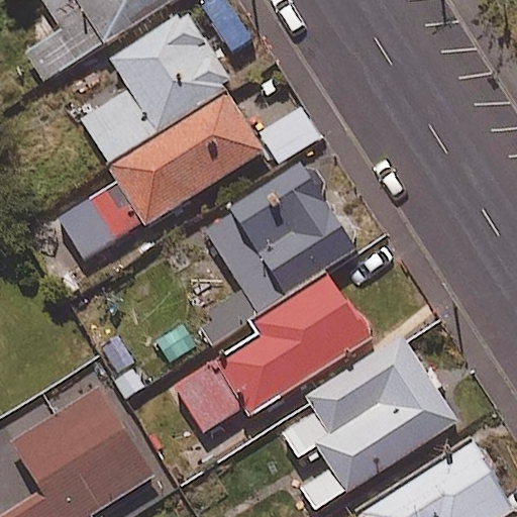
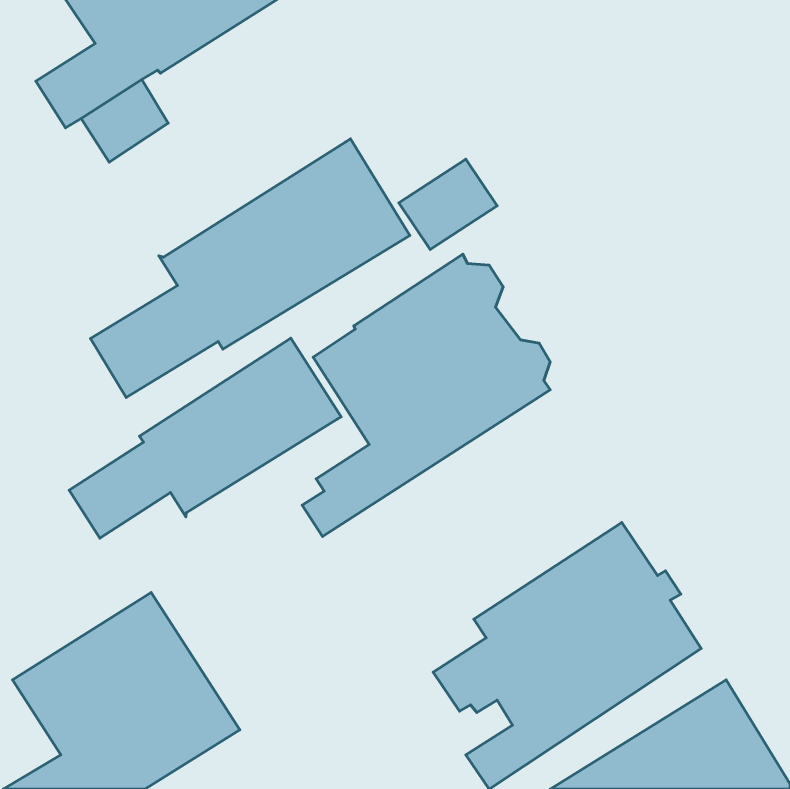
building: [75,15,272,167] -> none
building: none -> [69,338,341,538]
building: [176,274,372,433] -> none

